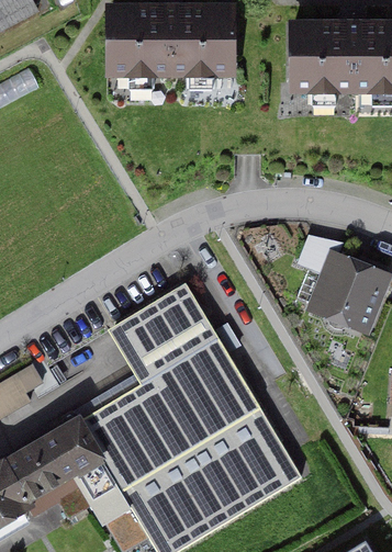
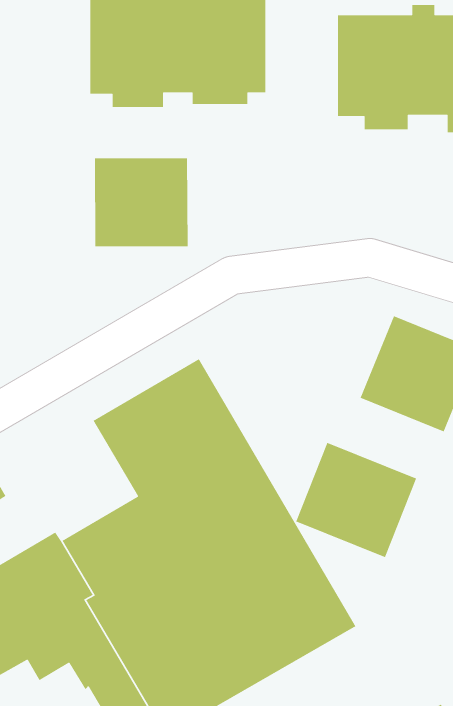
building: none -> [94,157,188,247]
building: none -> [295,442,417,558]

